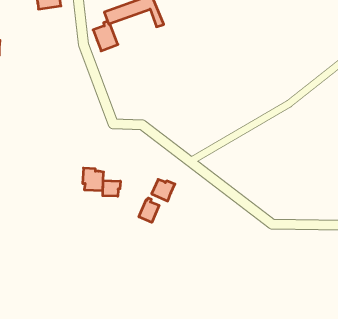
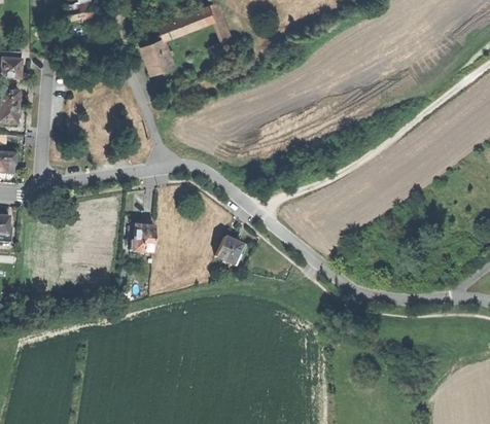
building: [103,180,120,196] -> none
building: [139,198,159,222] -> none

